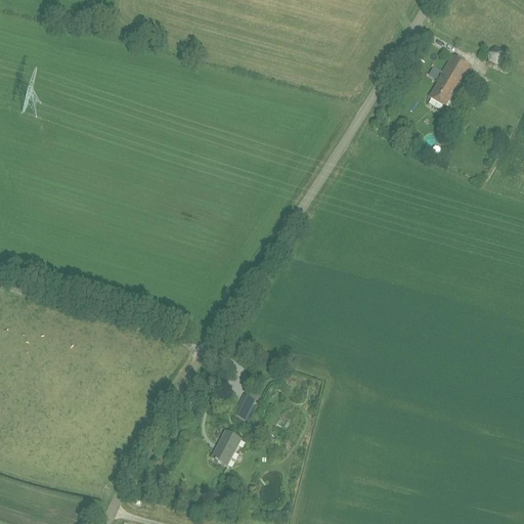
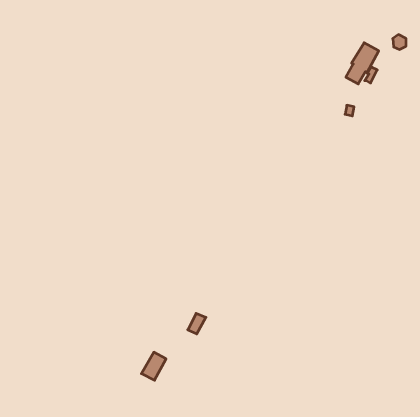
building: [210,429,241,464] -> [141,352,166,380]

